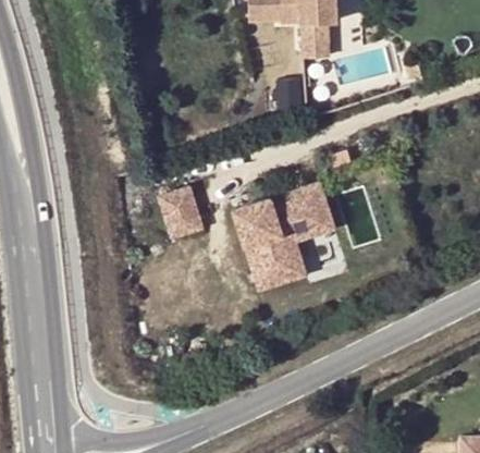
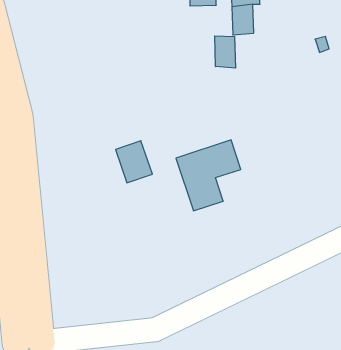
building: none -> [215,36,235,68]
building: [255,182,335,291] -> none

